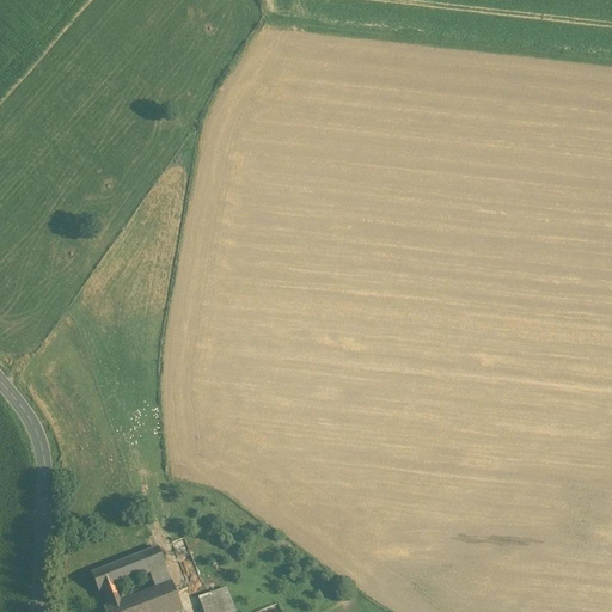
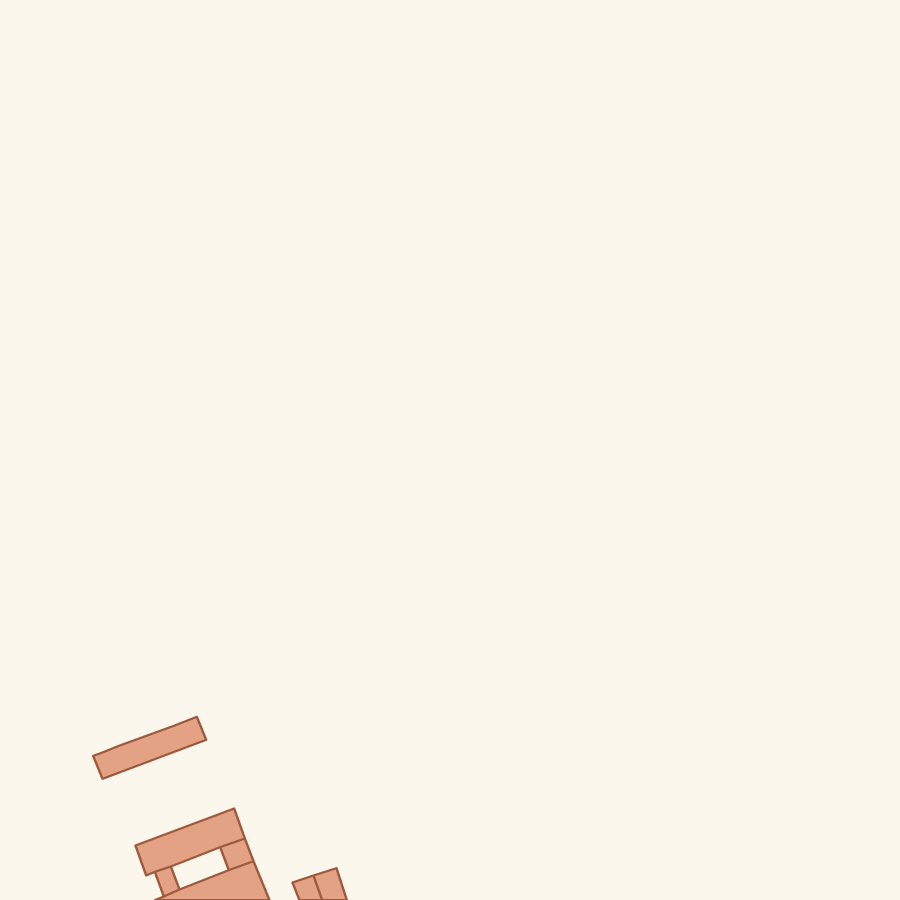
building: none -> [93,717,206,779]

